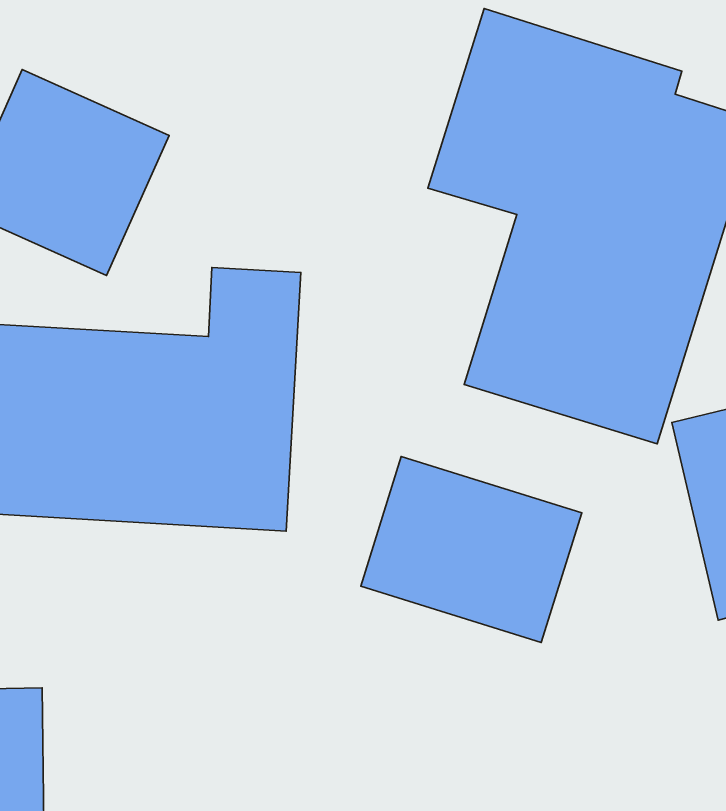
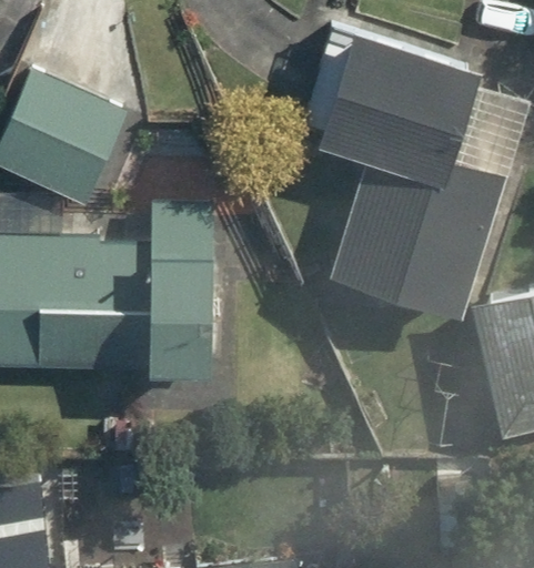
building: [361,456,582,643] -> none

